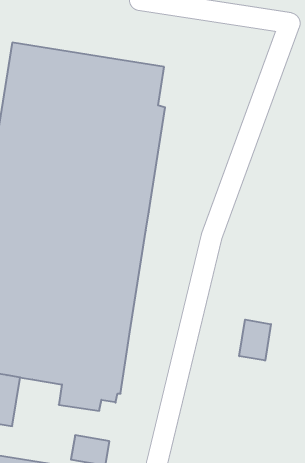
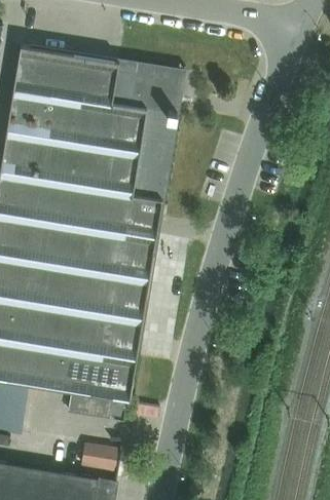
building: [239,320,271,361] -> none

